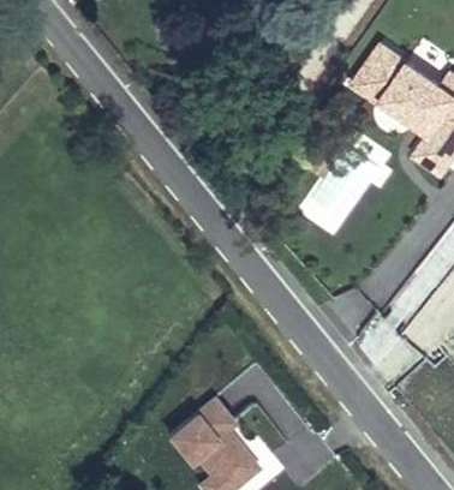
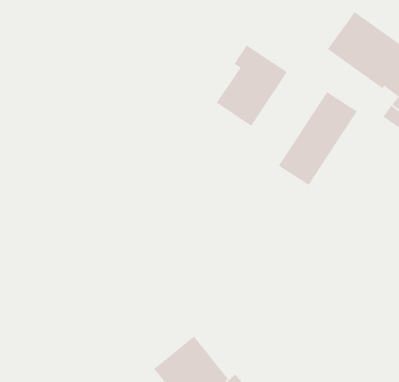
building: none -> [216,45,288,127]

